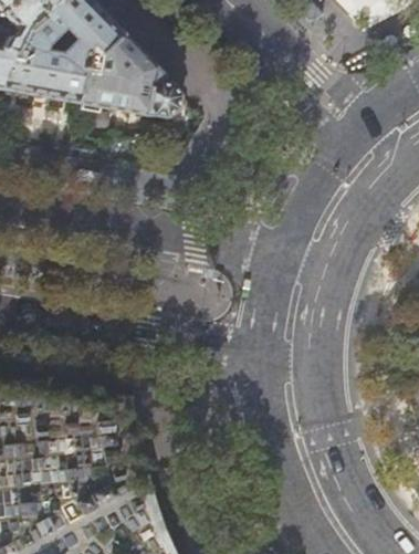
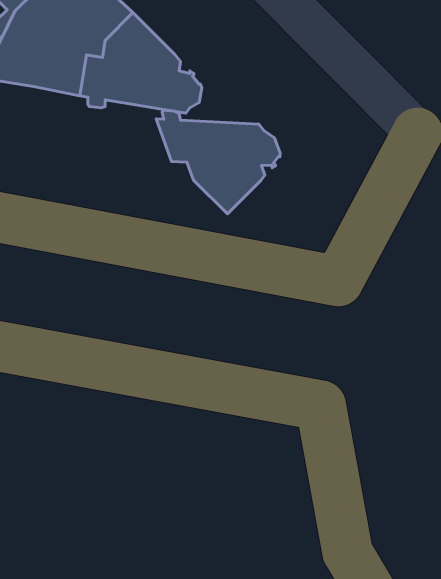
building: none -> [156,110,280,214]

